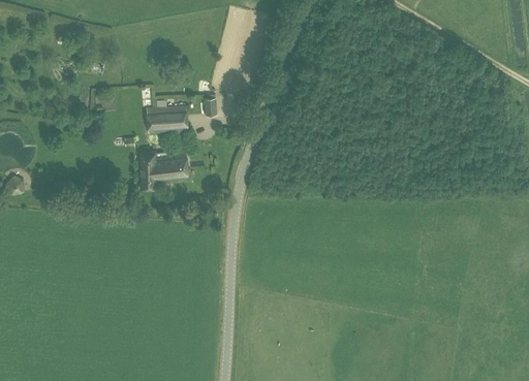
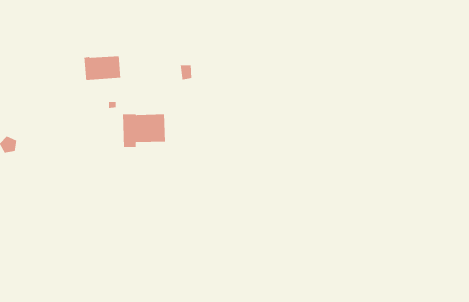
building: [147,105,188,133] -> [83,55,121,81]

